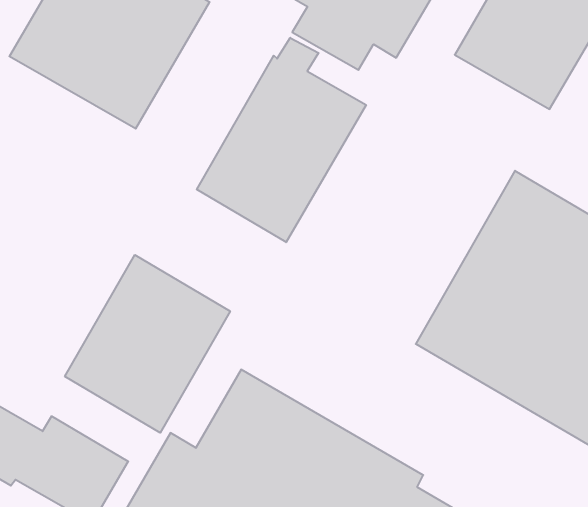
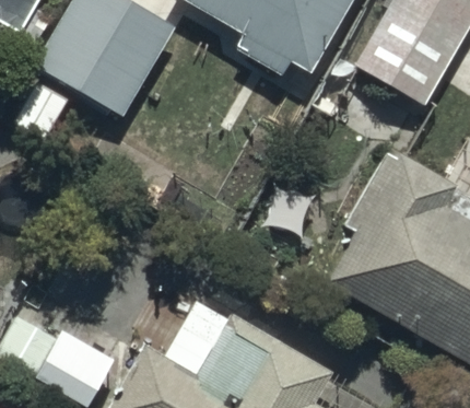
building: [197,38,366,242] -> none
building: [65,255,230,433] -> none

